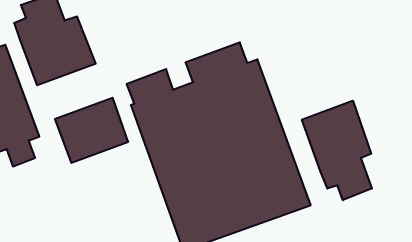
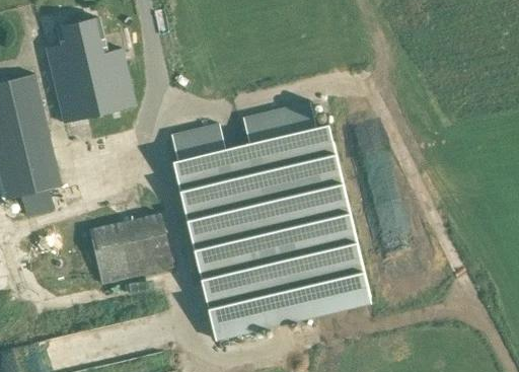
building: [55,98,128,163] -> [91,213,174,284]
building: [302,101,372,200] -> none

